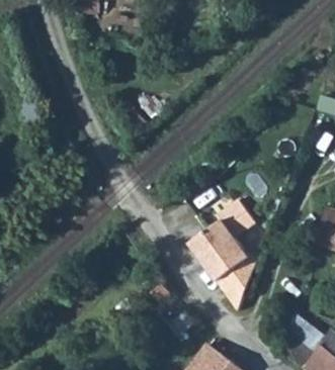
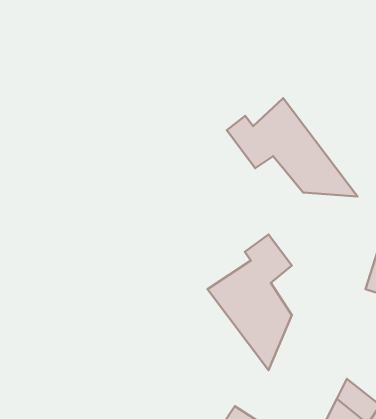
building: none -> [227,98,357,196]

